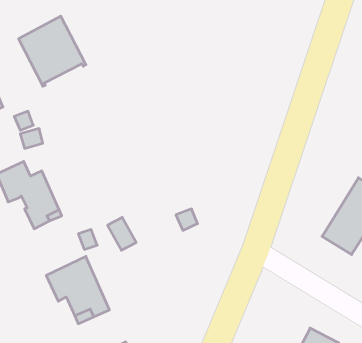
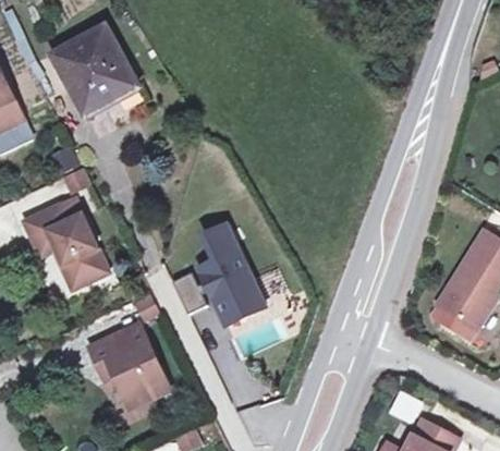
building: none -> [194,230,260,329]

